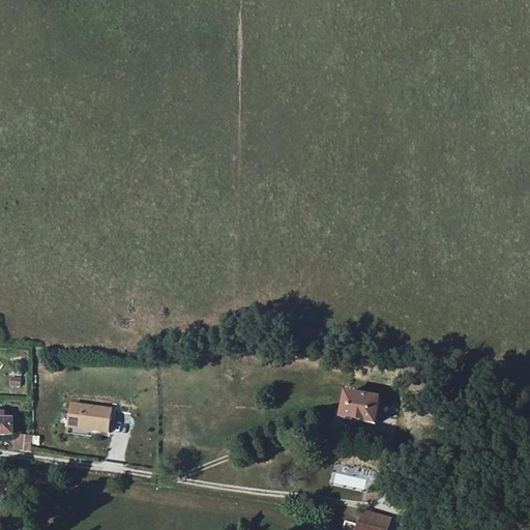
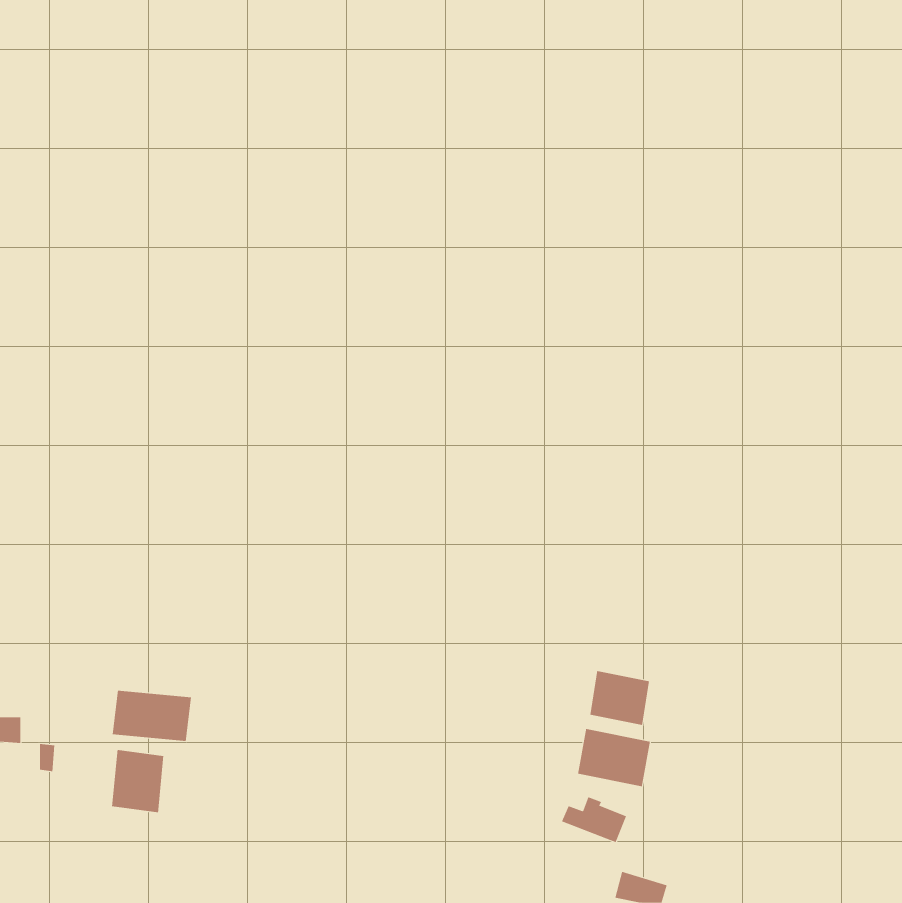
building: none -> [578,728,650,787]
building: none -> [112,749,164,813]

